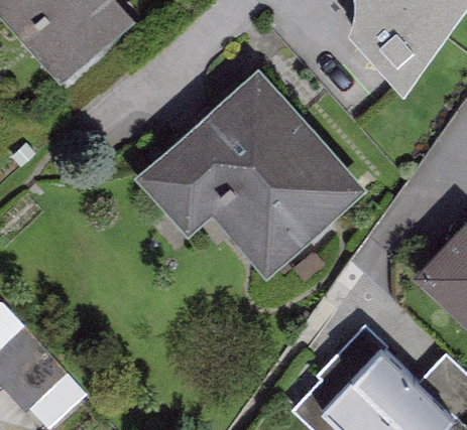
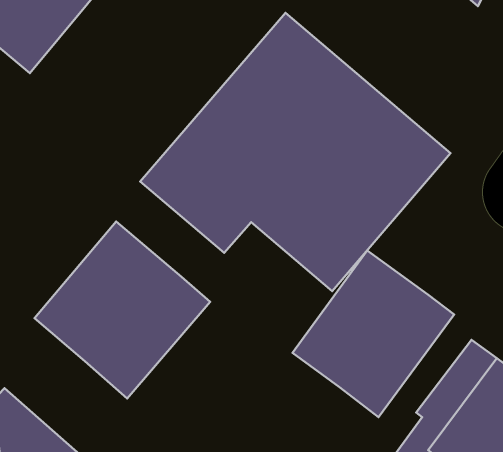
building: none -> [35,221,210,399]
building: none -> [293,251,454,417]

